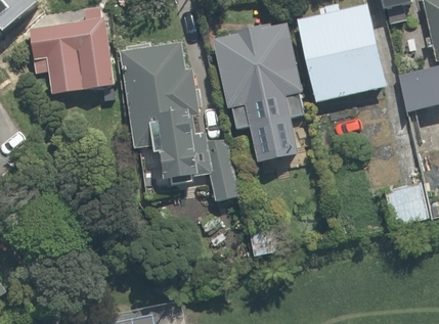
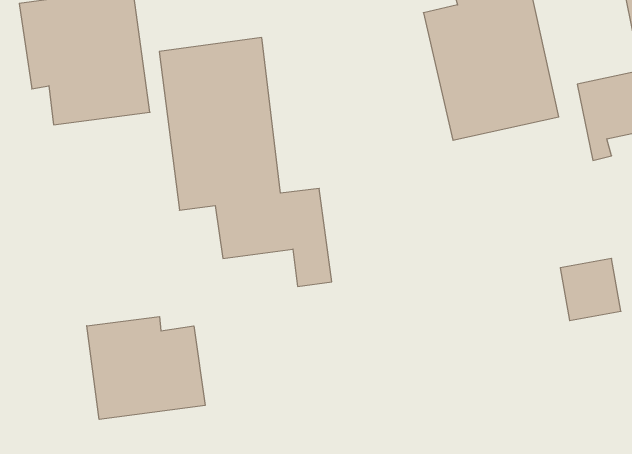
building: [211,19,309,158] -> none
building: none -> [87,317,205,419]

